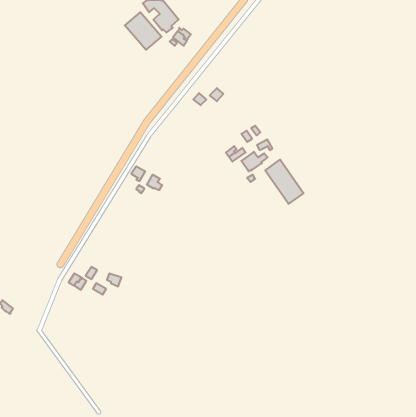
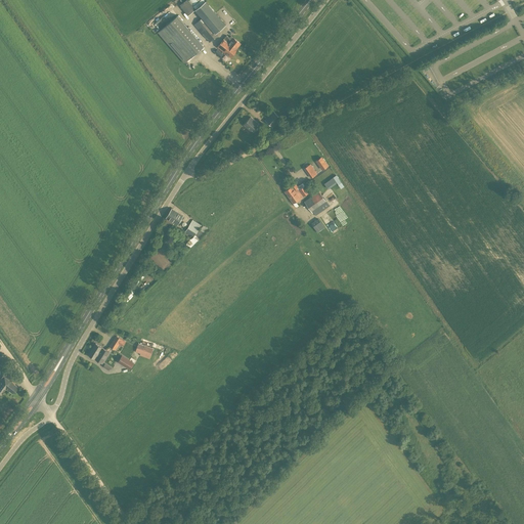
building: [265,160,304,204] -> none

